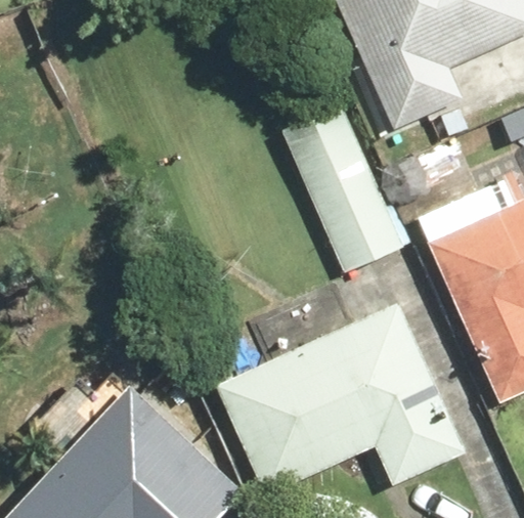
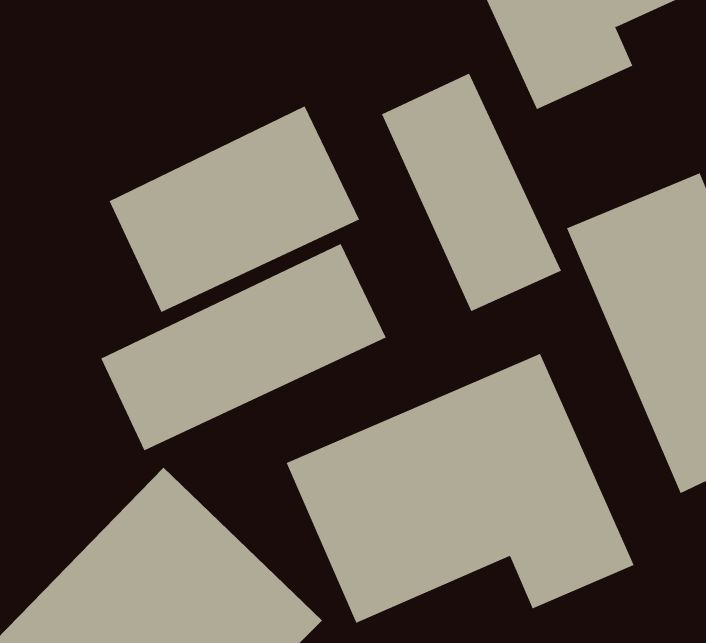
building: none -> [109,105,360,313]
building: none -> [101,243,387,451]

